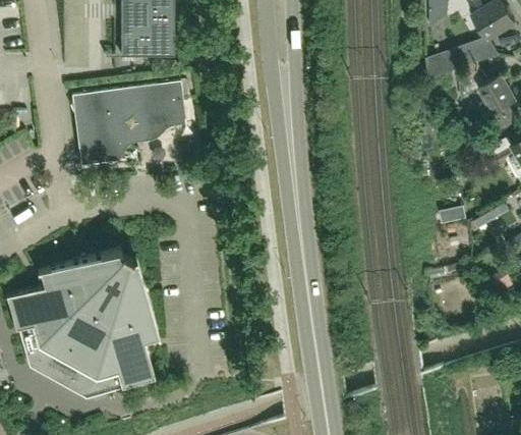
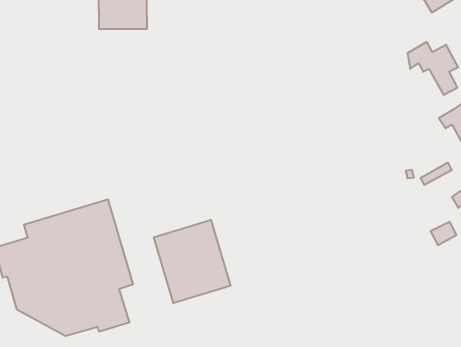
building: [428,39,500,79] -> none
building: [71,80,187,166] -> none
building: none -> [154,220,230,303]

